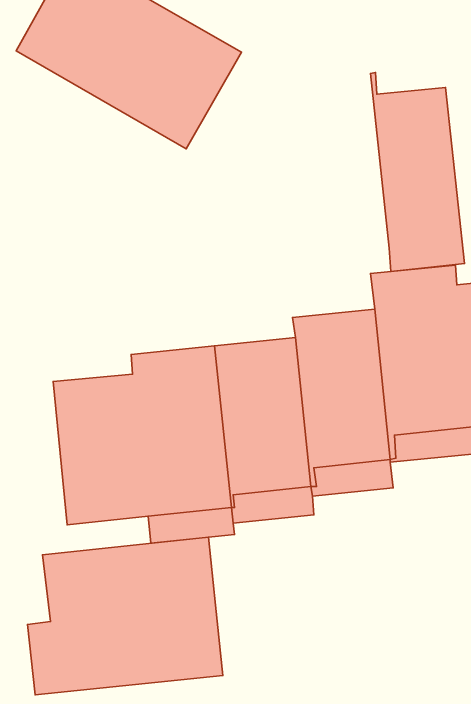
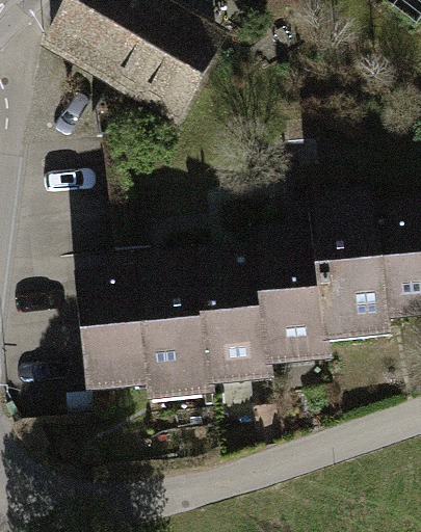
building: [371,72,464,272] -> none
building: [28,537,223,695] -> none

